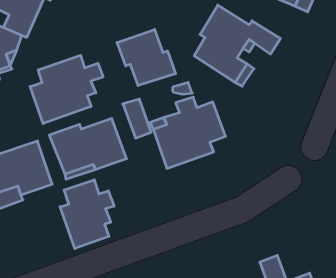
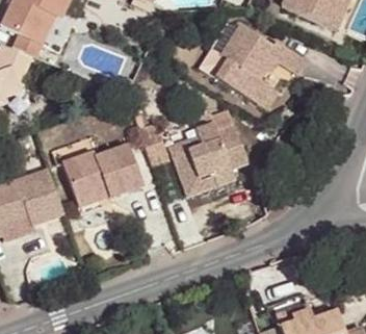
building: [117,29,176,86] -> none
building: [30,55,103,124] -> none
building: [60,180,114,249] -> none

